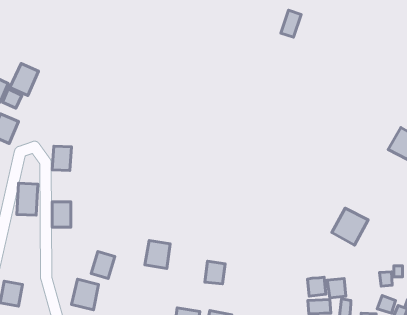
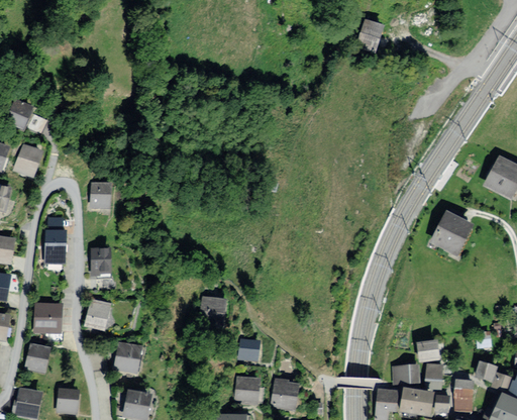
building: [10,64,39,95] -> none
building: [332,208,368,245] -> [431,213,475,257]
building: none -> [32,302,64,335]
building: [91,252,115,278] -> [82,300,110,332]
building: [205,261,225,284] -> [238,333,263,360]
building: [308,277,326,296] -> none

